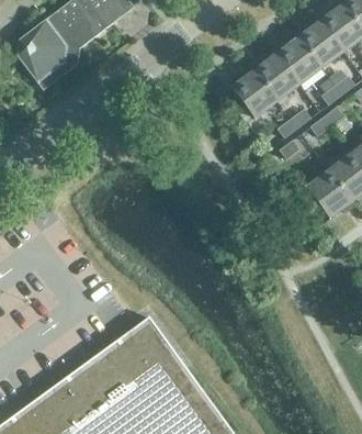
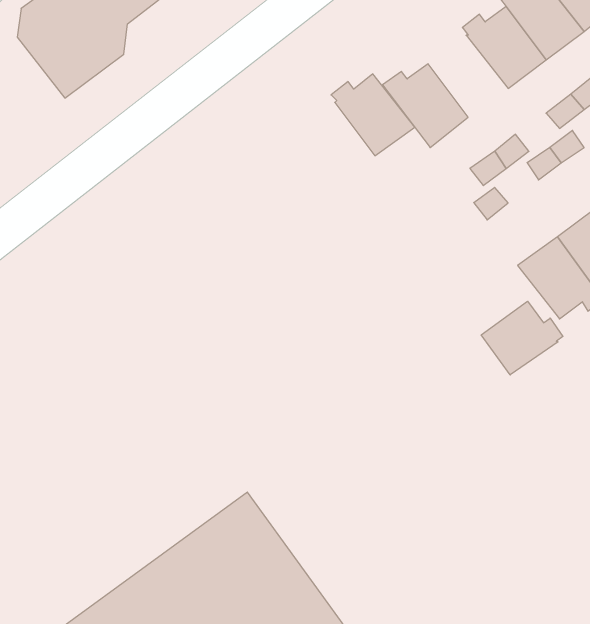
building: [251,53,299,100] -> [331,74,415,156]
building: none -> [481,301,563,375]

